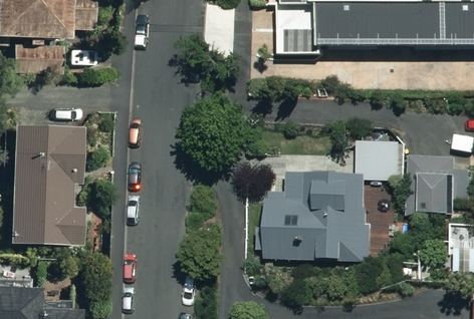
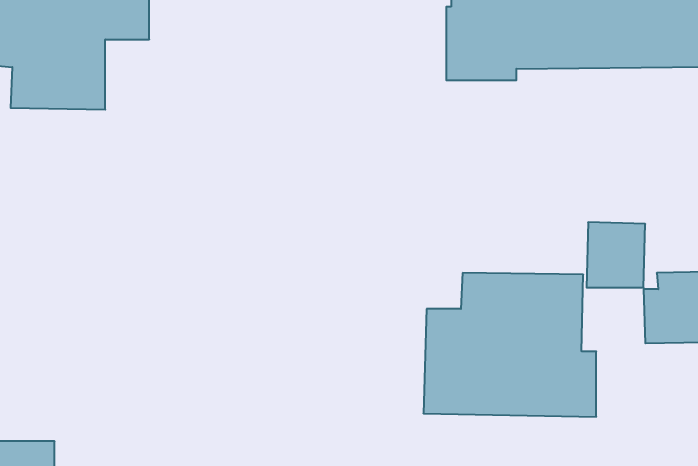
building: [9,123,82,245] -> none

